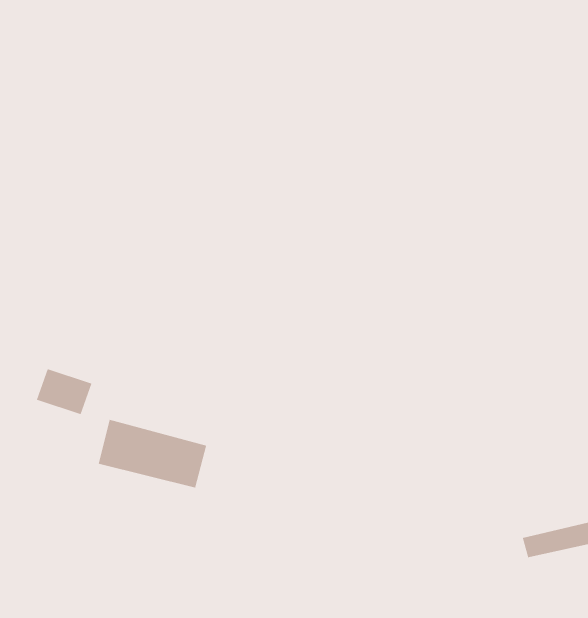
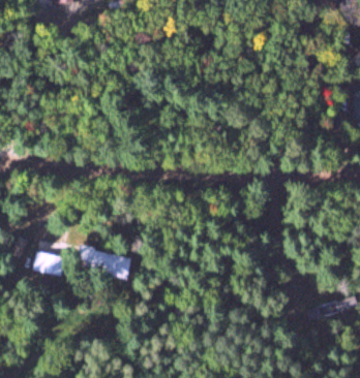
building: [36,368,92,415] -> [33,251,64,277]

